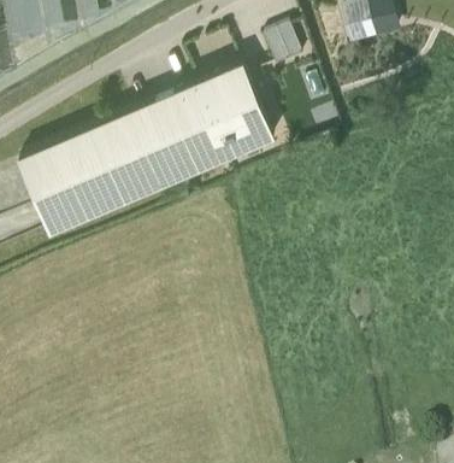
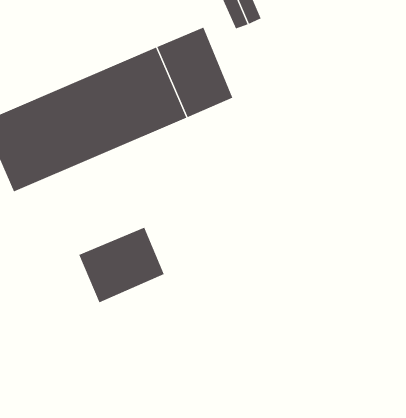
building: none -> [78,227,165,303]

